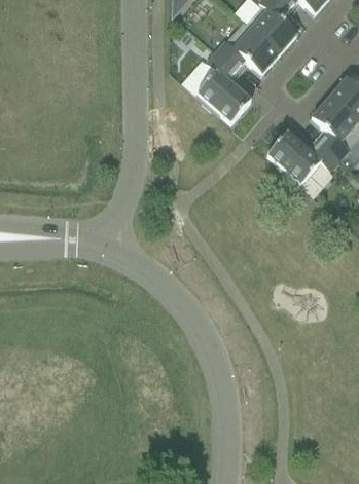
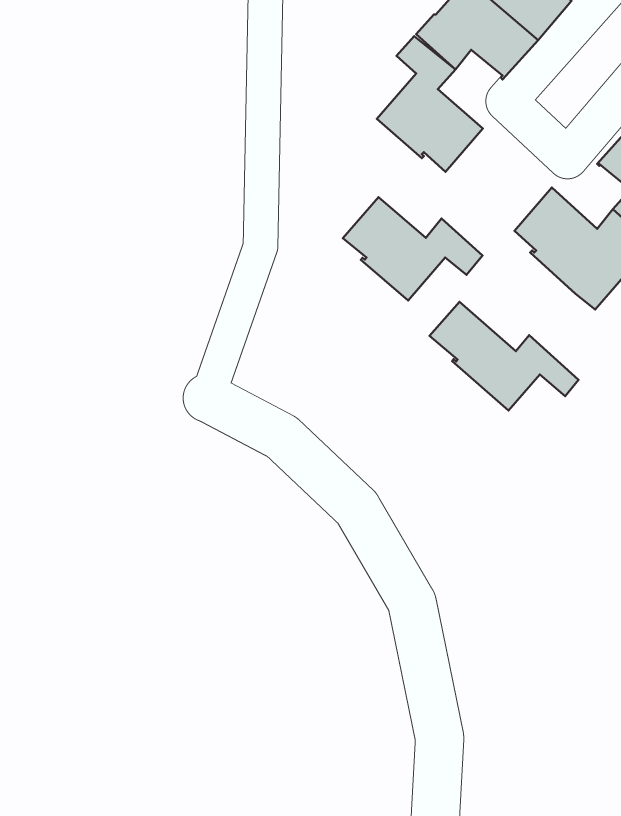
building: none -> [343,197,482,300]
building: none -> [430,302,578,411]

